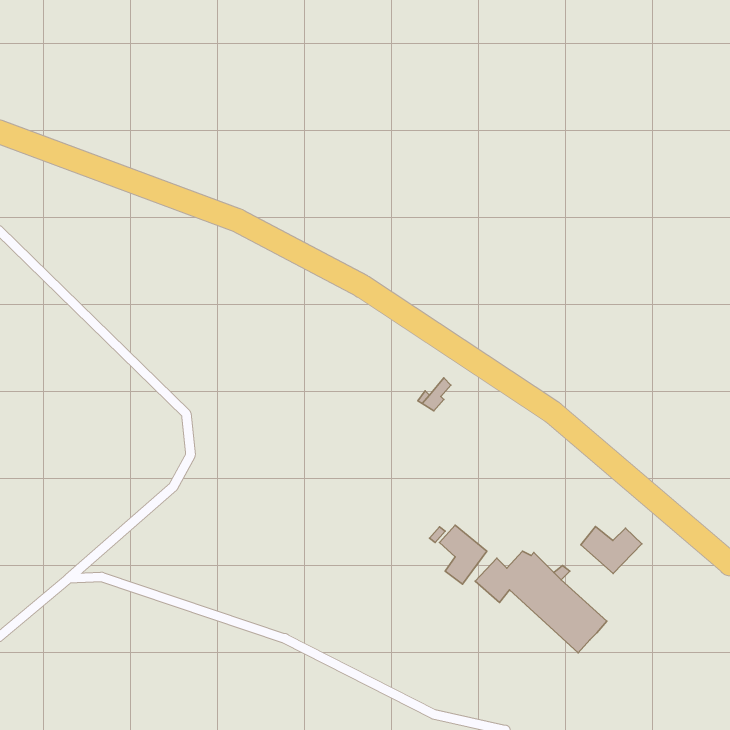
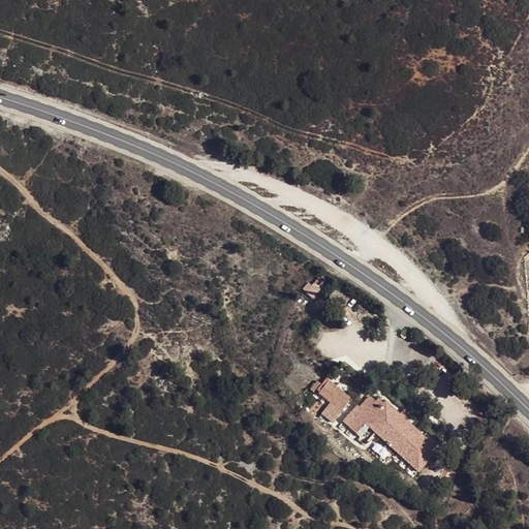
building: [581,526,642,573] -> none

